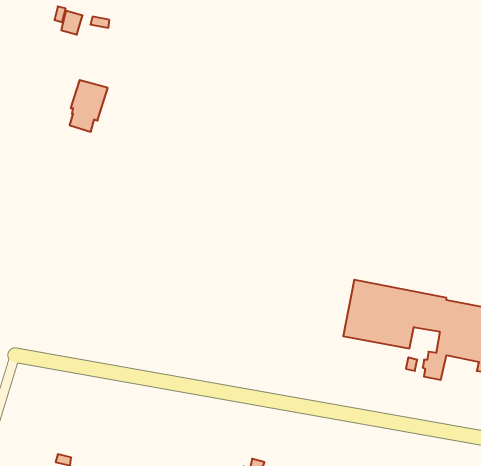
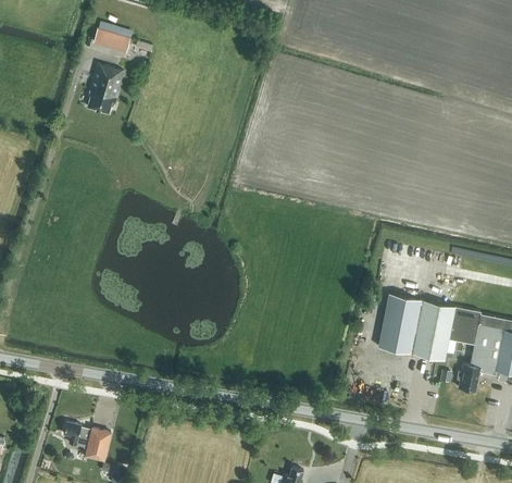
building: [70,80,108,132] -> [86,63,123,113]
building: none -> [62,421,110,460]

